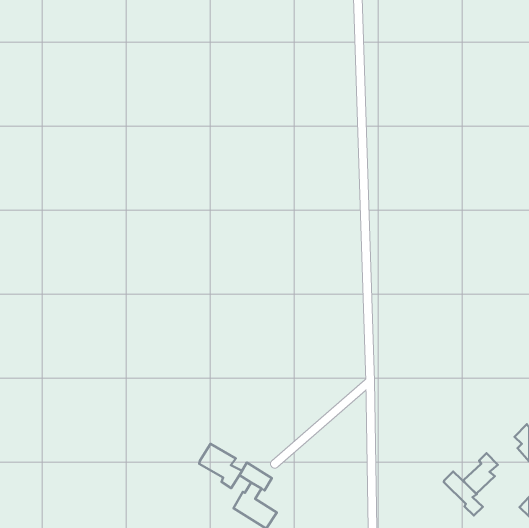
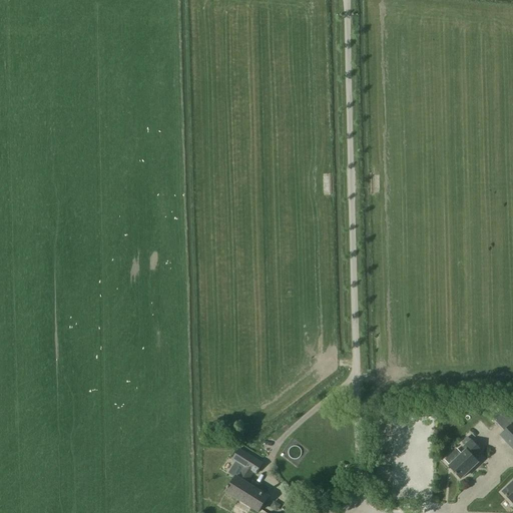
building: [199,444,242,488] -> none
building: [444,472,483,516] -> none

